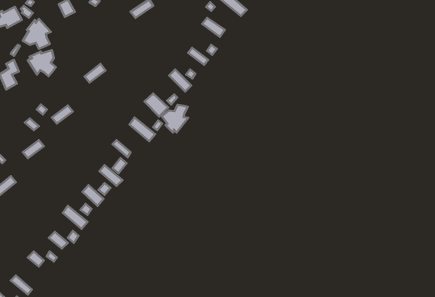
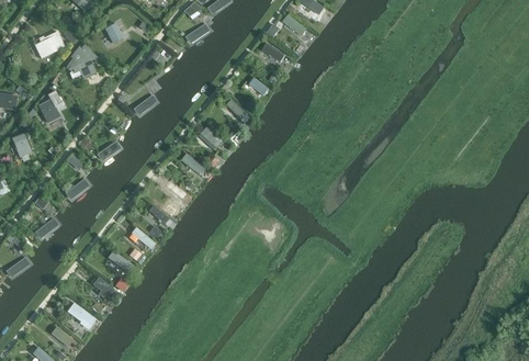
building: [28,50,56,76] -> none
building: [162,105,188,133] -> none

